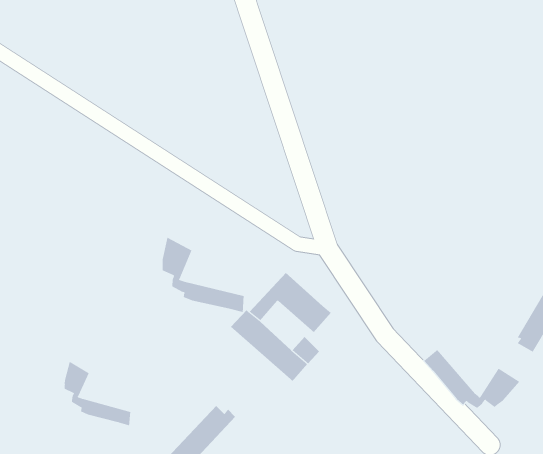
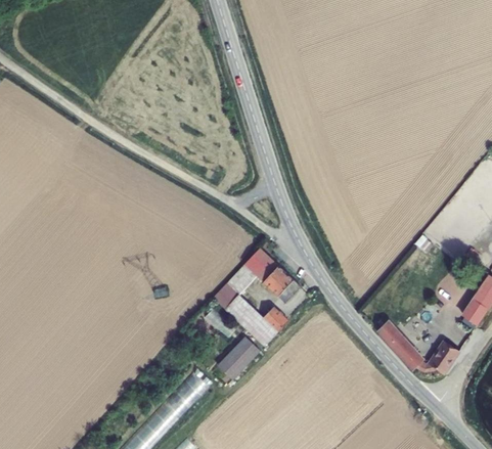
building: [162,237,244,313] -> none
building: [64,361,131,426] -> none
building: none -> [218,339,260,381]

